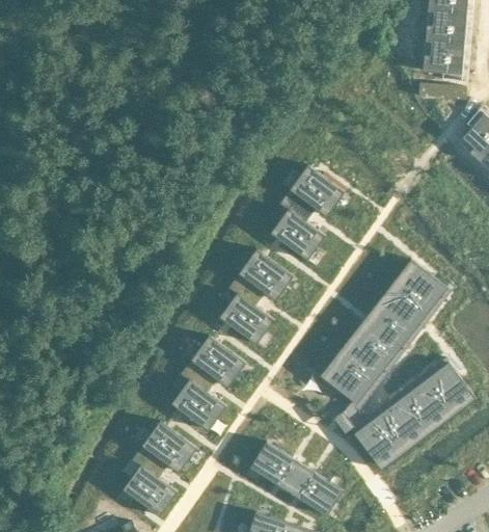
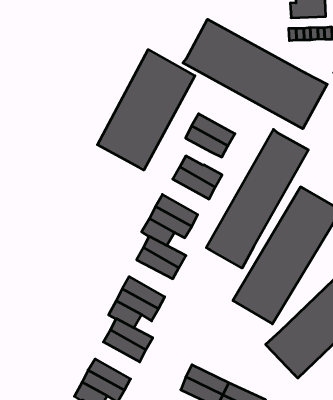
building: none -> [183,19,327,129]
building: none -> [97,50,195,170]
building: [278,189,315,221] -> none
building: none -> [206,129,308,268]

